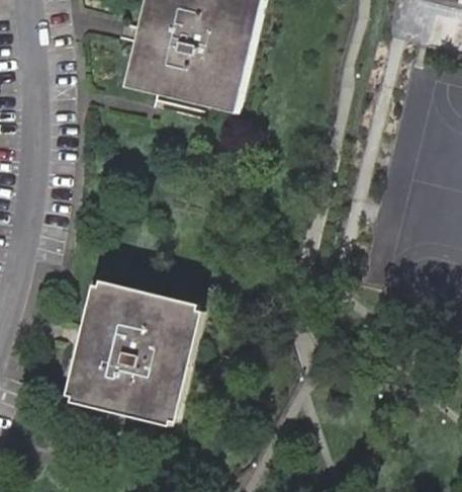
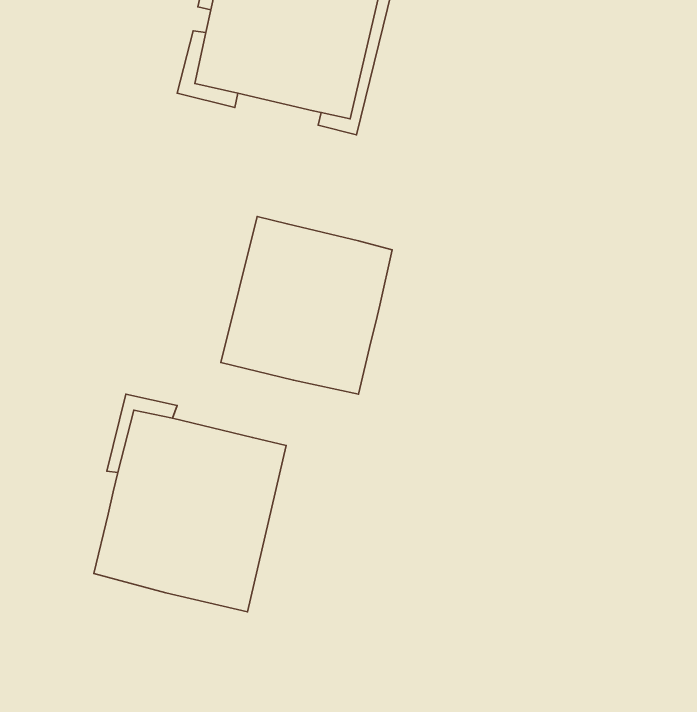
building: none -> [221,216,392,394]
building: [61,300,201,426] -> none

